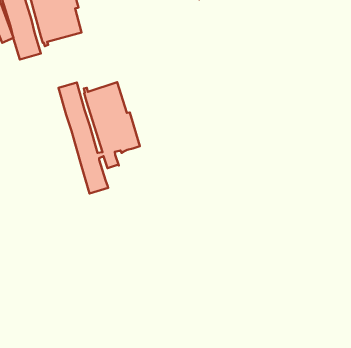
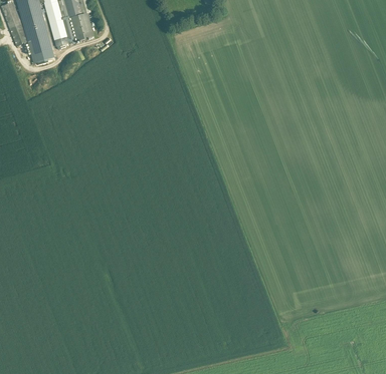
building: [58,82,140,193] -> none

